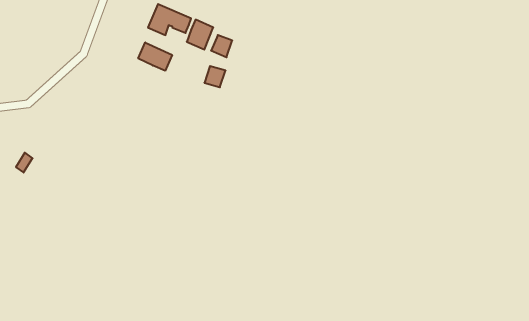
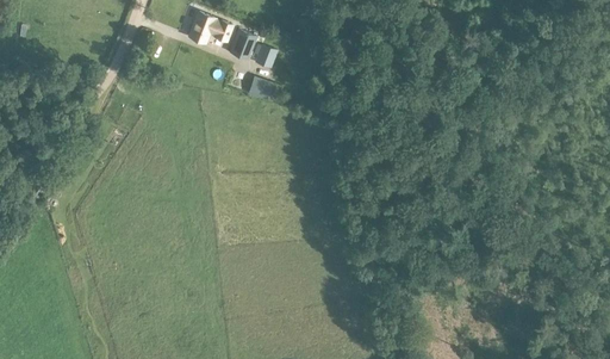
building: [138,42,172,71] -> none

